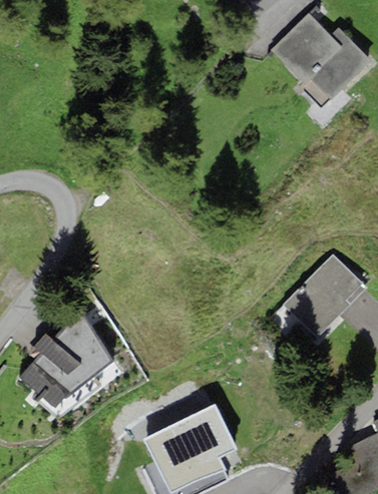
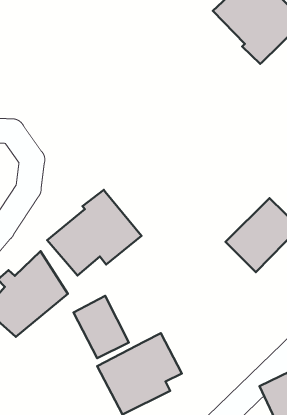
building: none -> [47,190,142,276]
building: none -> [73,296,129,358]

